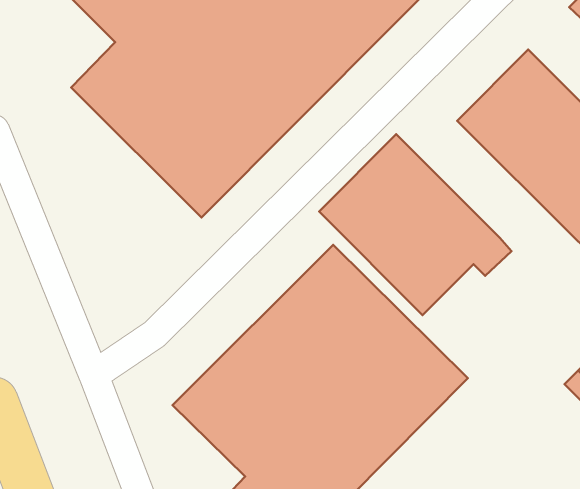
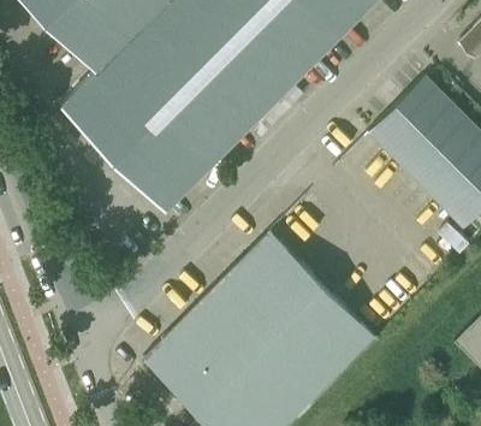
building: [319,134,511,315] -> none

